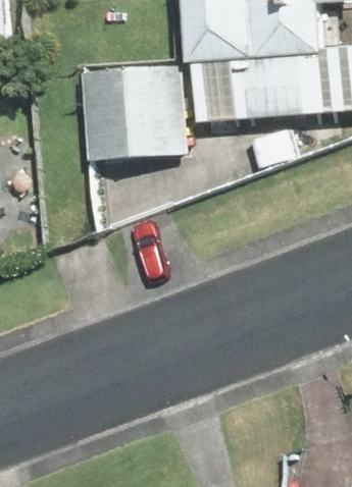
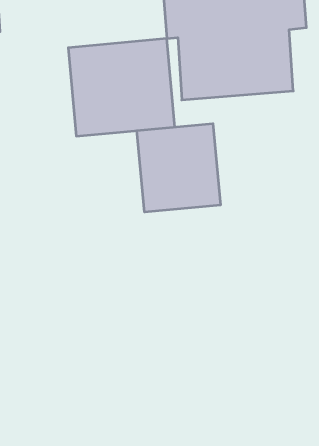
building: none -> [137,124,220,212]

